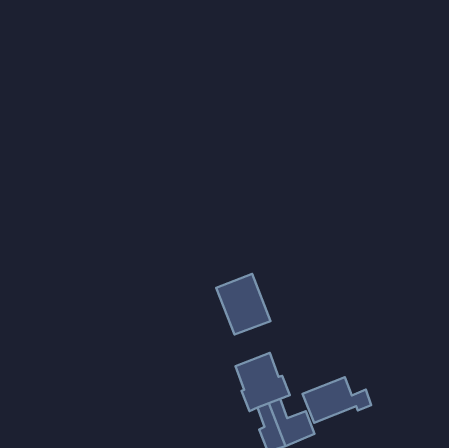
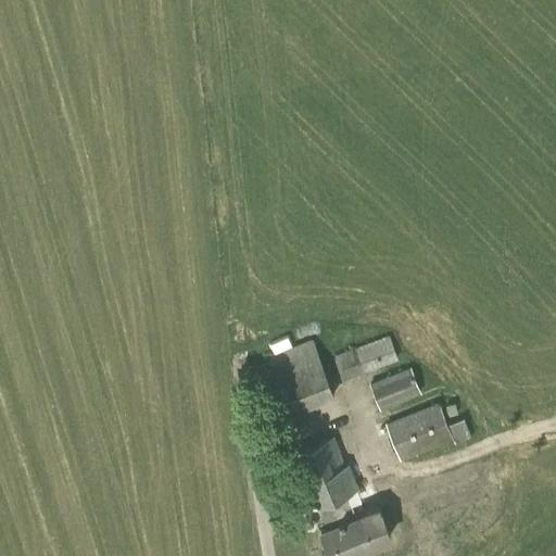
building: none -> [333,338,397,381]
building: none -> [369,369,420,412]
building: [303,377,371,423] -> [386,404,470,460]

